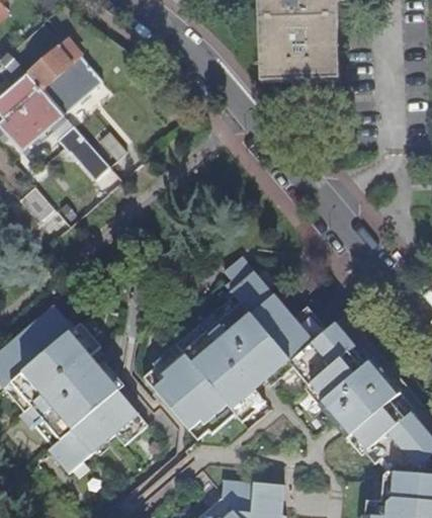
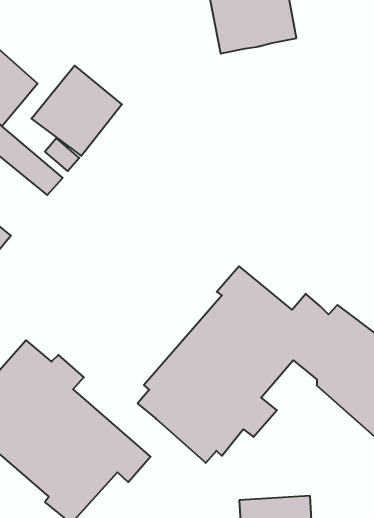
building: none -> [31,66,122,156]

